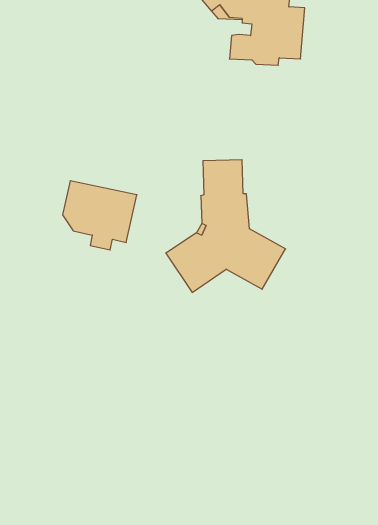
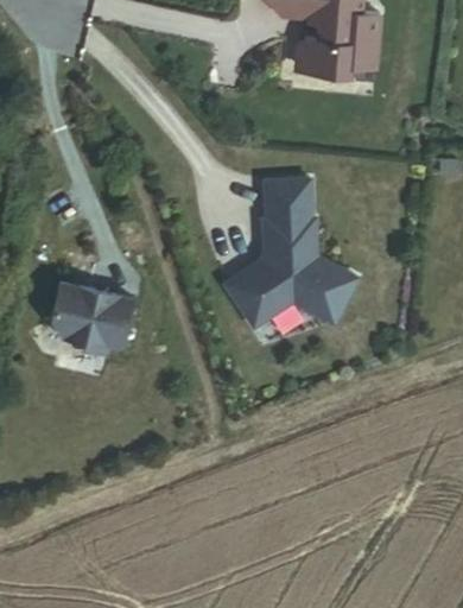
building: [63,181,137,250] -> [51,278,134,355]

